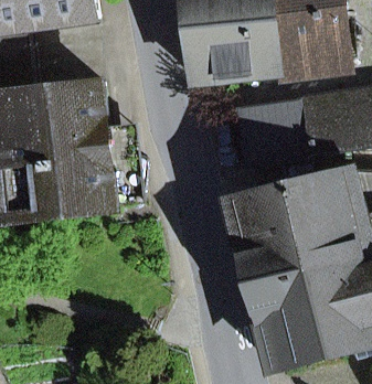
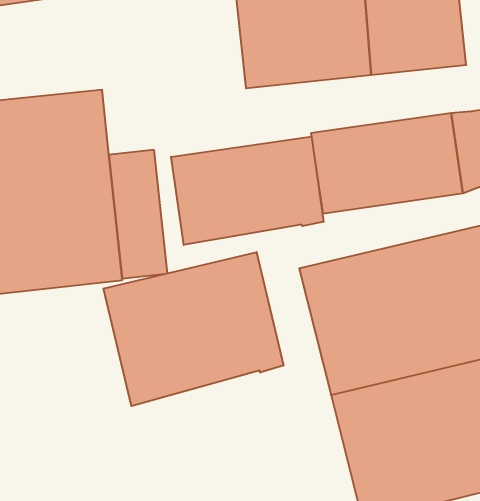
building: none -> [171,137,323,245]
building: none -> [103,252,283,406]

